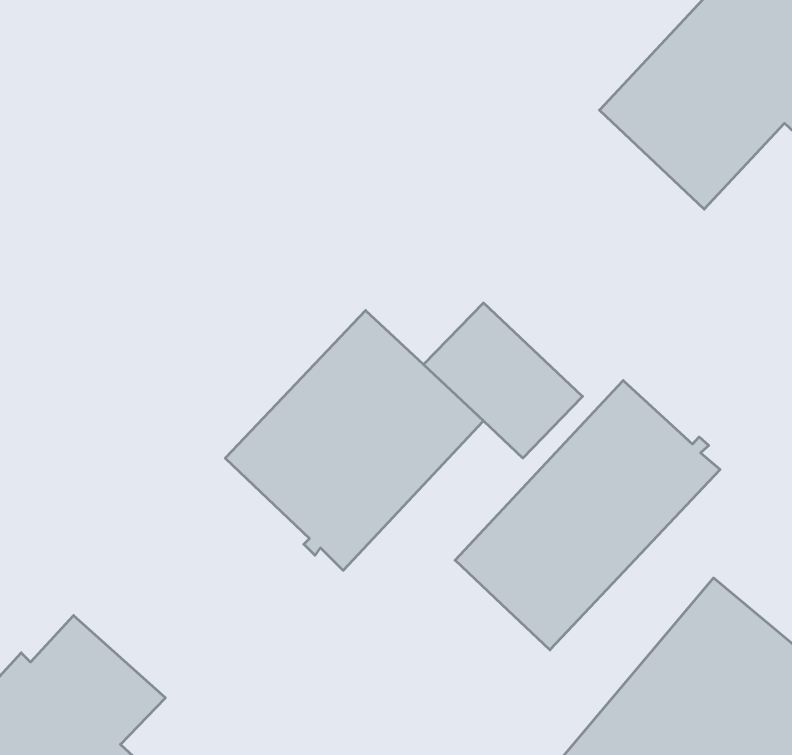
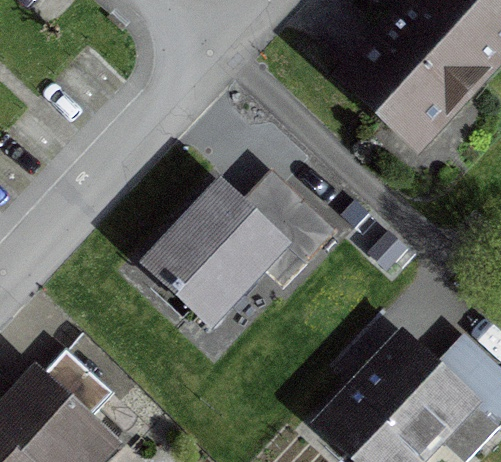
building: [455,380,720,650] -> none

